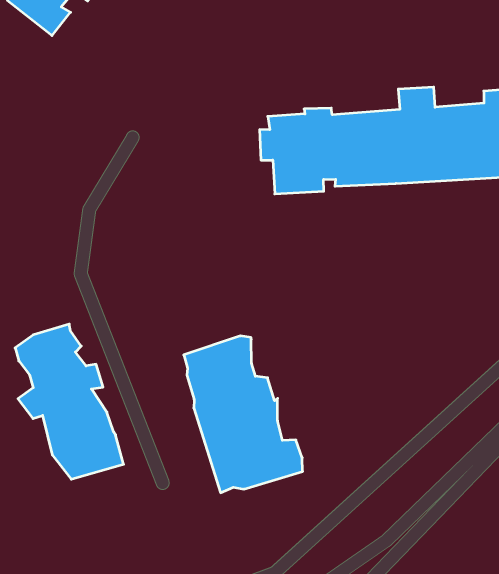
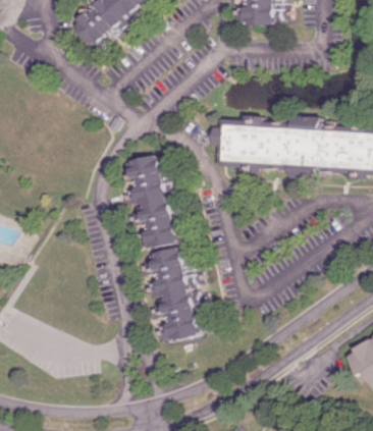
building: [15,324,124,479] -> [119,154,176,247]

